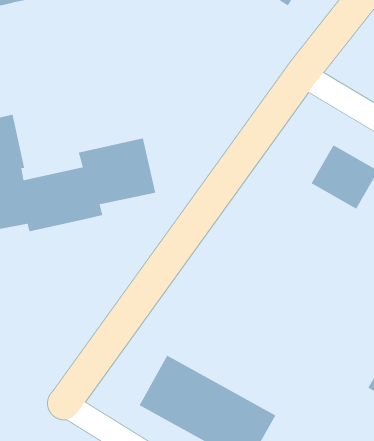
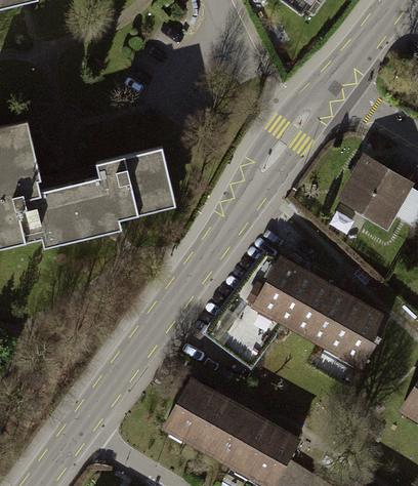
building: none -> [204,246,389,365]

